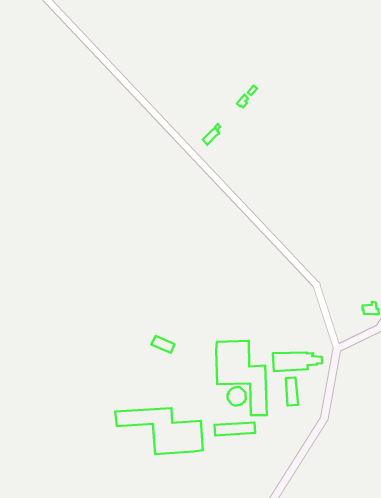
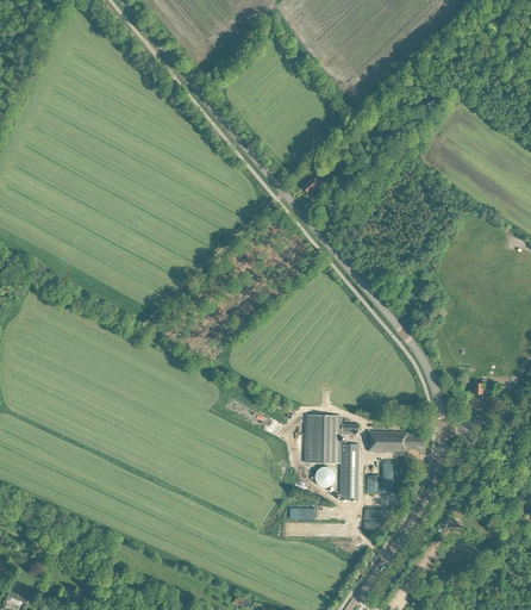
building: [115,408,203,454] -> none

